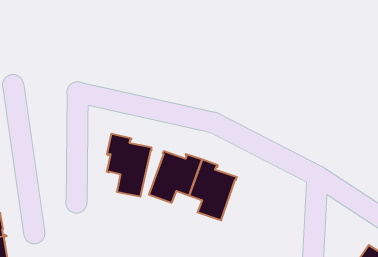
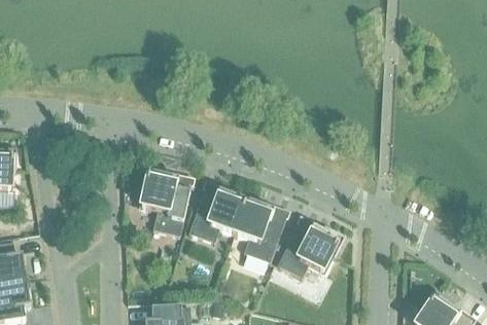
building: none -> [277,220,345,278]

